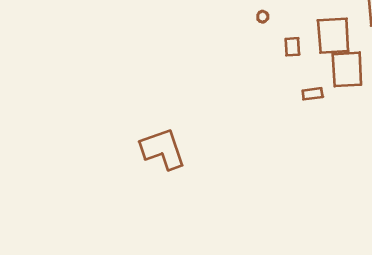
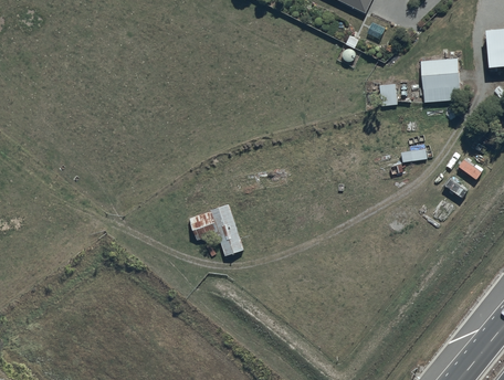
building: [333,52,361,86] -> none

